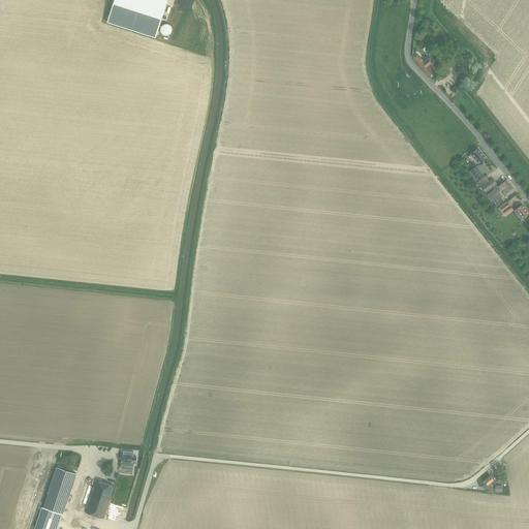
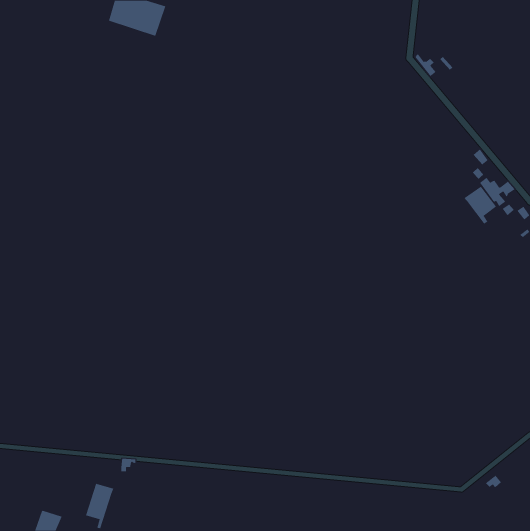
building: none -> [464,186,497,224]
building: [42,467,75,514] -> none

